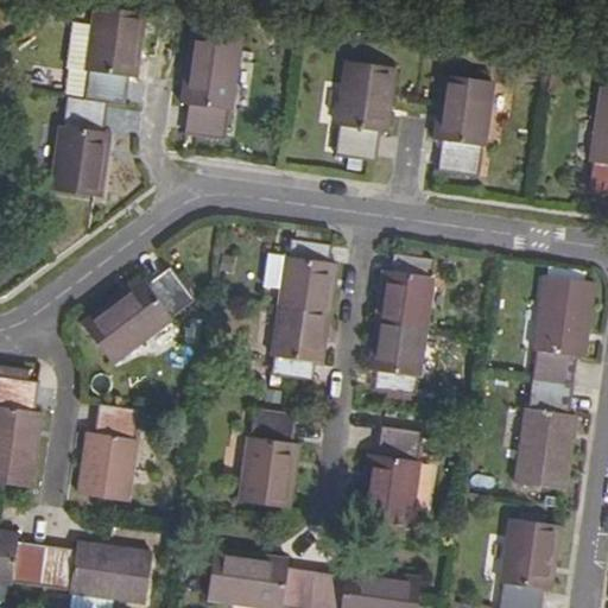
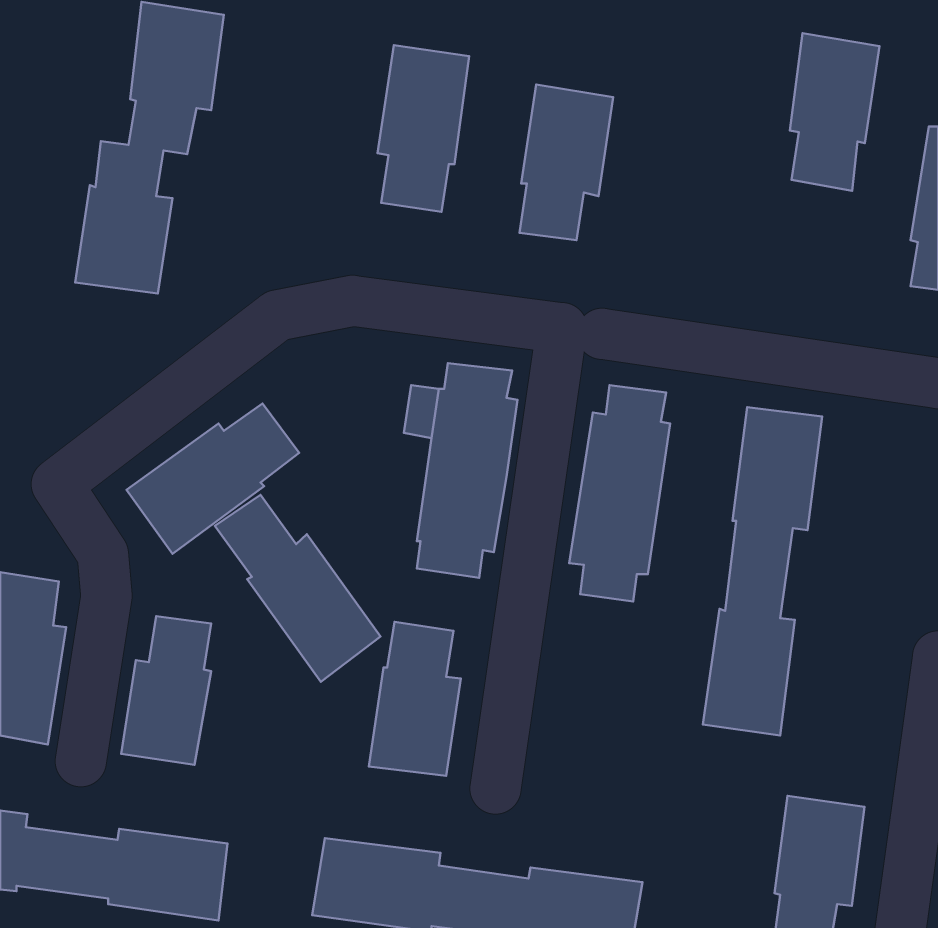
building: [182,32,241,140] -> [377,45,469,212]
building: [436,76,494,178] -> [790,33,880,191]
building: [515,278,593,490] -> [703,407,822,735]
building: none -> [215,495,381,682]
building: [359,428,419,525] -> none

